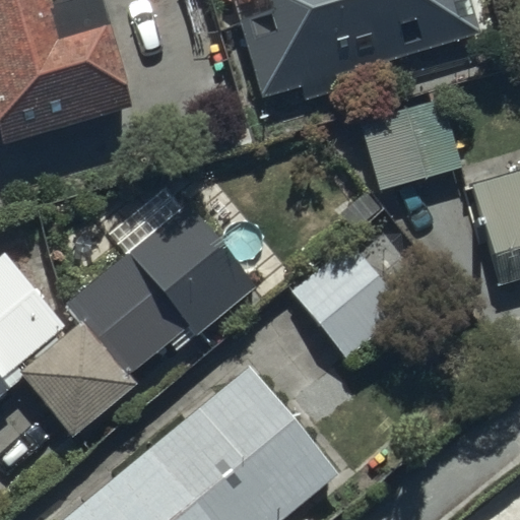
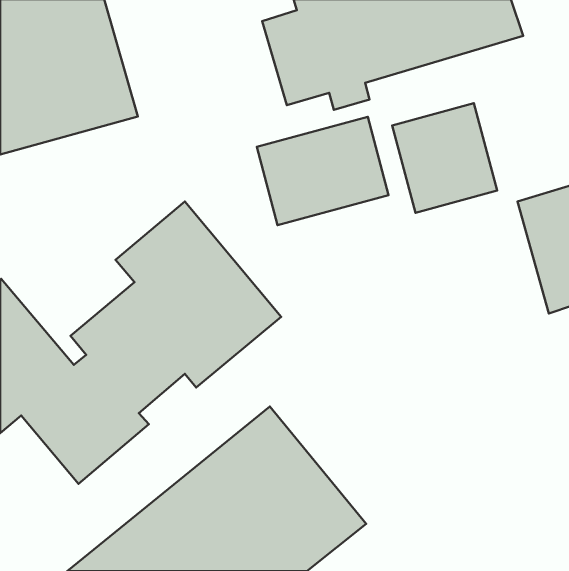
building: none -> [257,117,388,225]
building: [290,242,407,362] -> none

